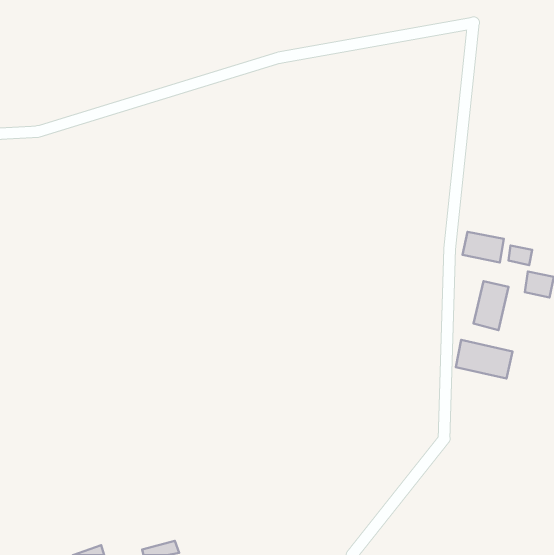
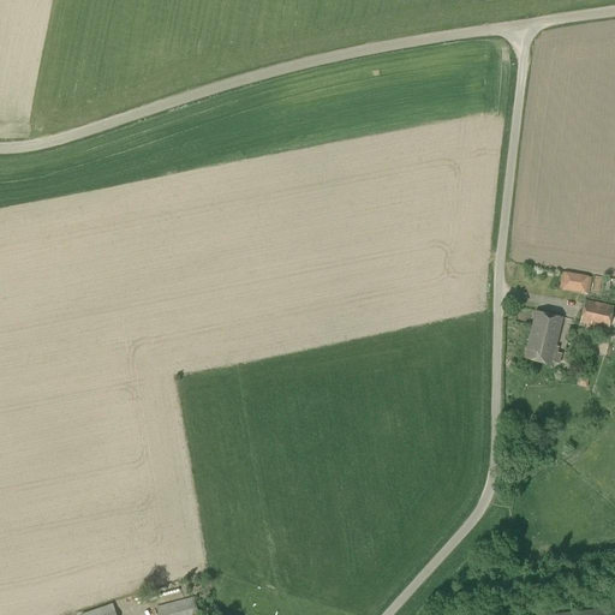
building: [463,232,504,262] -> none
building: [456,340,513,378] -> none

